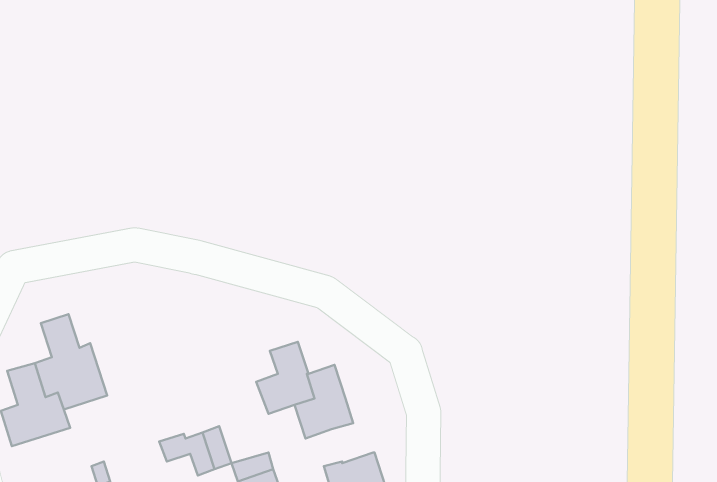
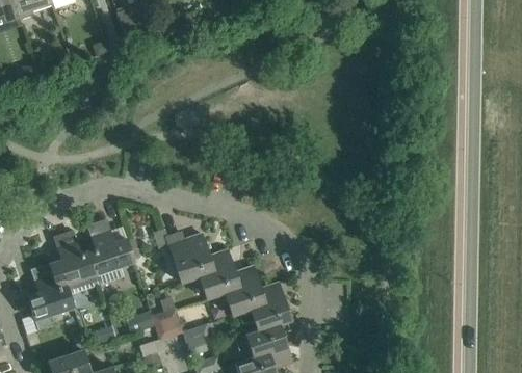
building: none -> [87,218,134,285]
building: none -> [166,231,214,281]
building: none -> [251,281,291,330]

